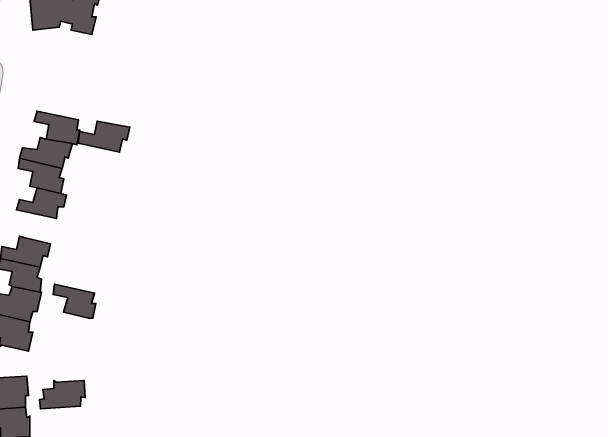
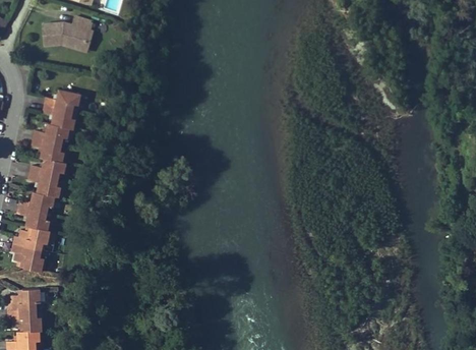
building: [78,121,130,152] -> [46,90,81,111]
building: [53,284,96,318] -> [31,173,60,196]
building: [39,381,85,409] -> none

